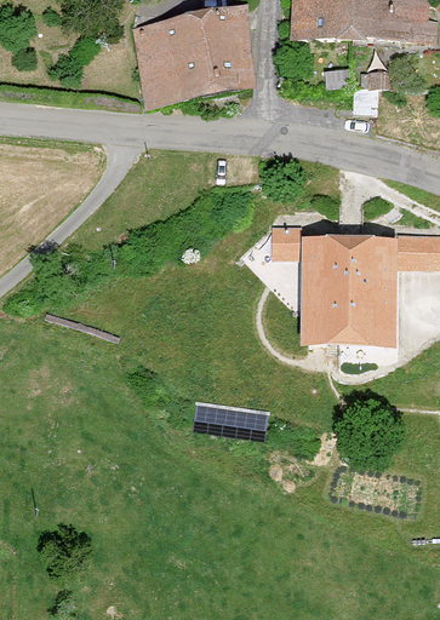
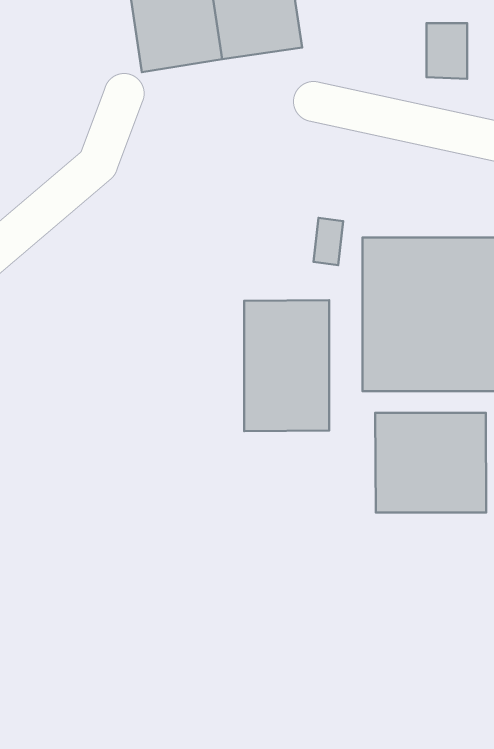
building: none -> [244,300,329,431]
building: none -> [375,413,486,513]

